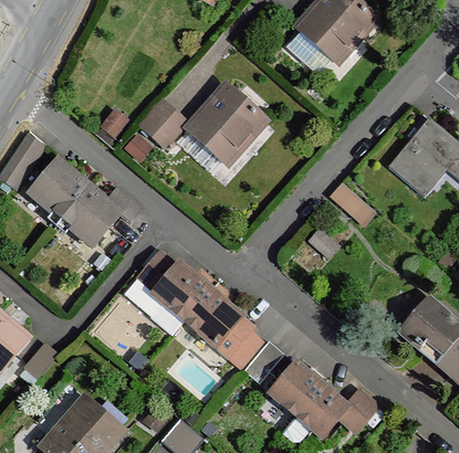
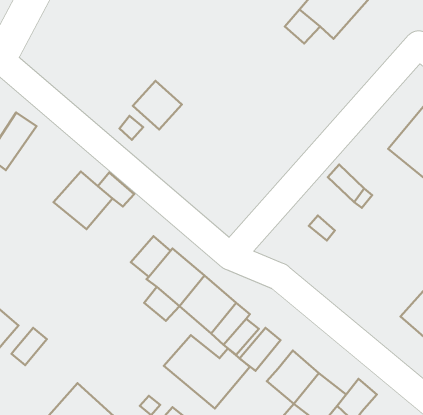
building: [192,88,263,160] -> none
building: [31,161,90,219] -> none
building: none -> [164,335,250,408]

